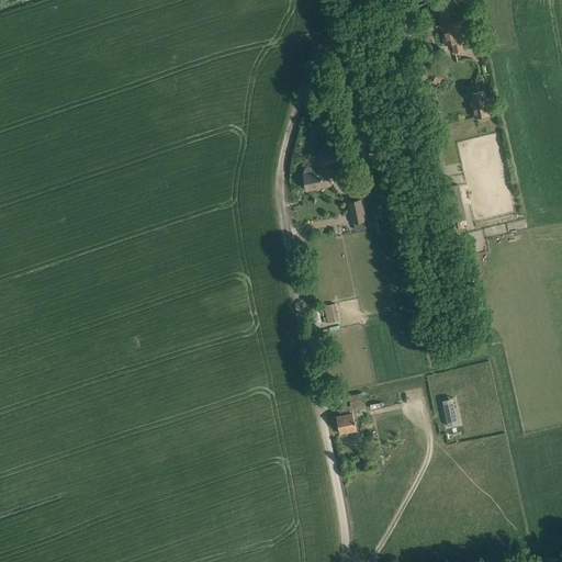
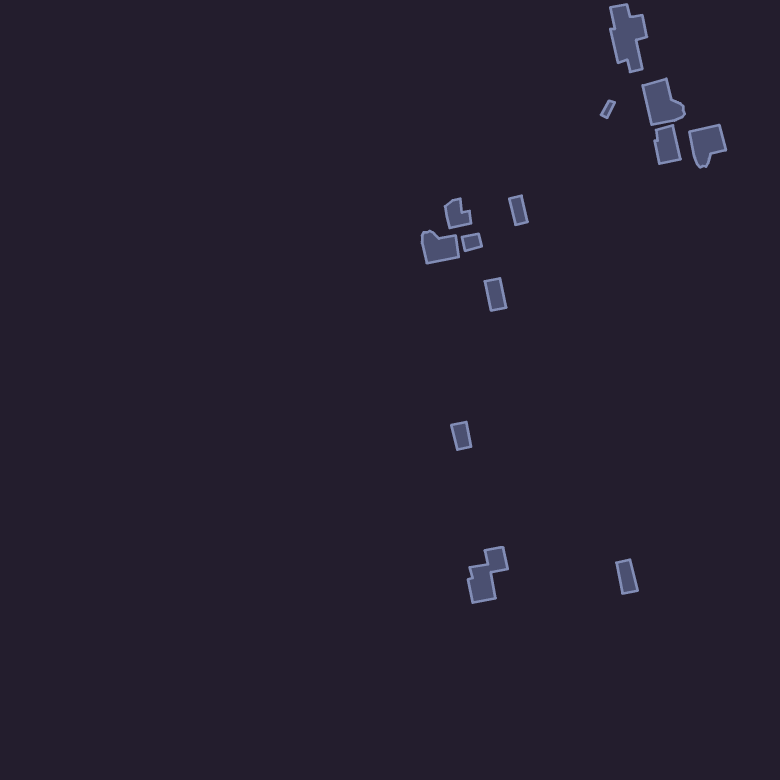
building: none -> [643,79,685,125]
building: none -> [690,125,726,167]

